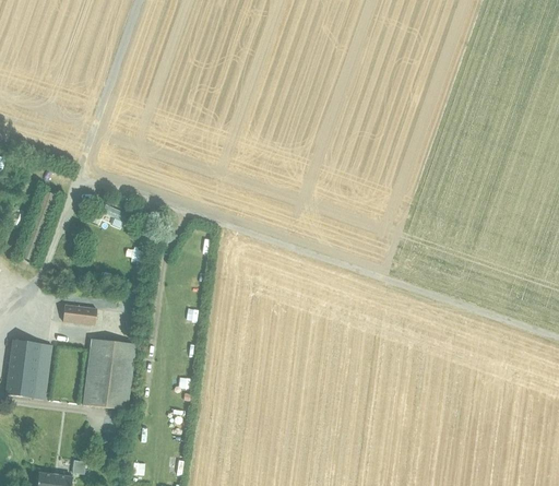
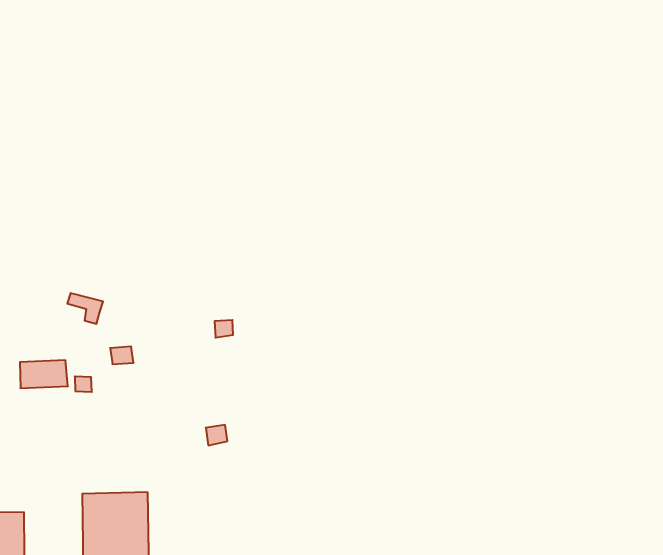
building: [63,304,96,324] -> [20,360,68,388]

